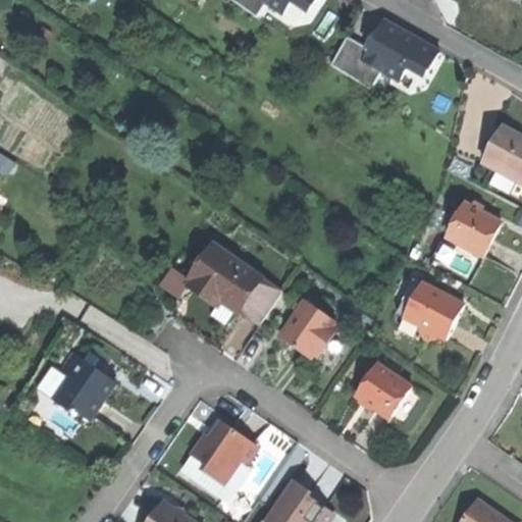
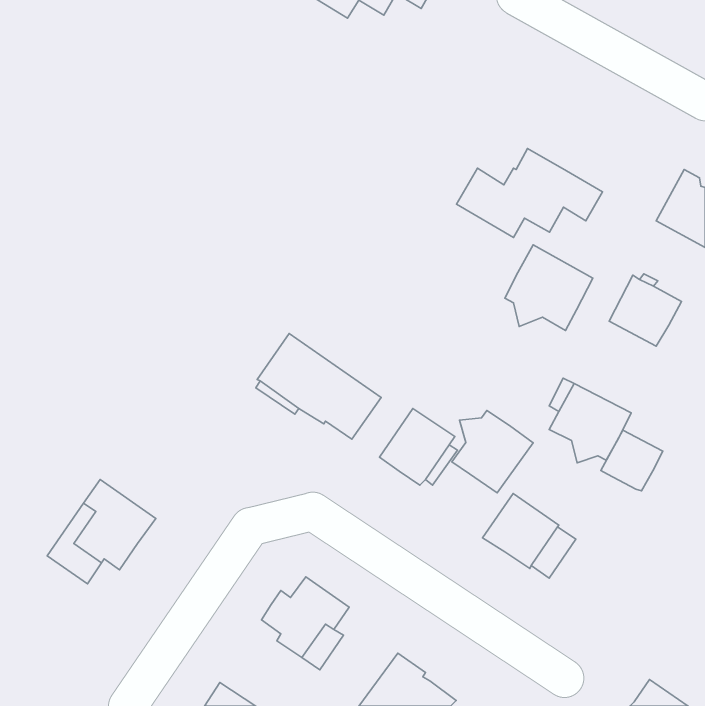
building: [329,17,436,83] -> [457,149,603,238]
building: none -> [505,245,593,330]
building: none -> [452,411,533,493]
building: none -> [601,430,663,491]

